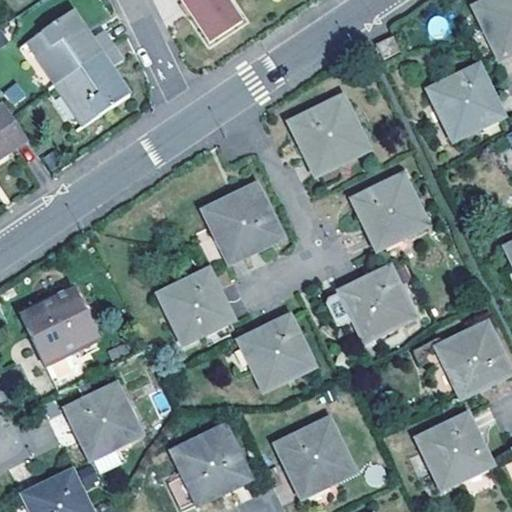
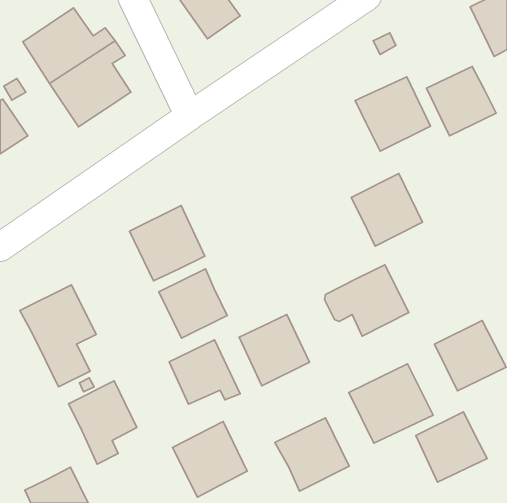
building: [290,98,366,173] -> [355,77,431,151]
building: [204,185,280,261] -> [130,205,205,281]
building: none -> [169,340,240,404]
building: none -> [349,364,433,443]

